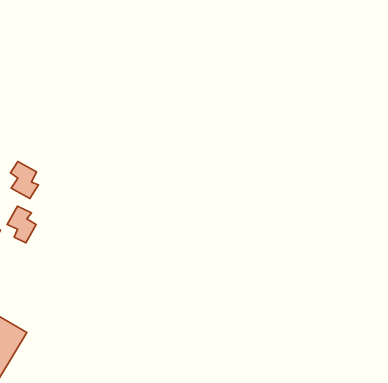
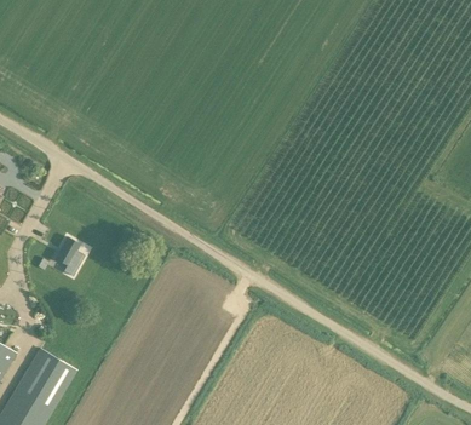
building: [11,161,39,199] -> none

